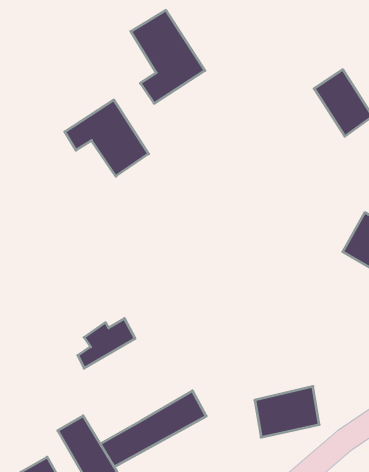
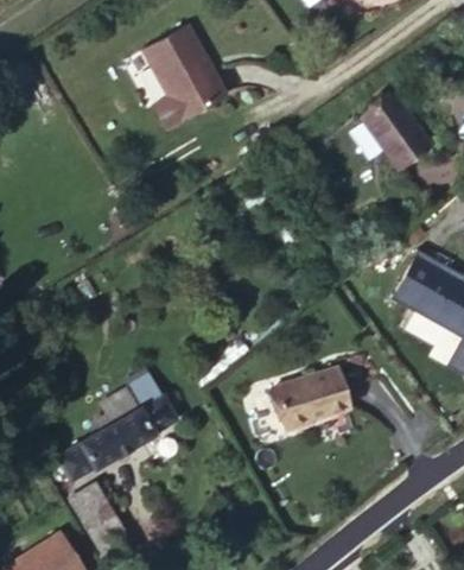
building: [65,100,149,176] -> none
building: [255,386,319,437] -> [272,369,344,426]
building: [100,391,206,467] -> [57,395,176,481]

